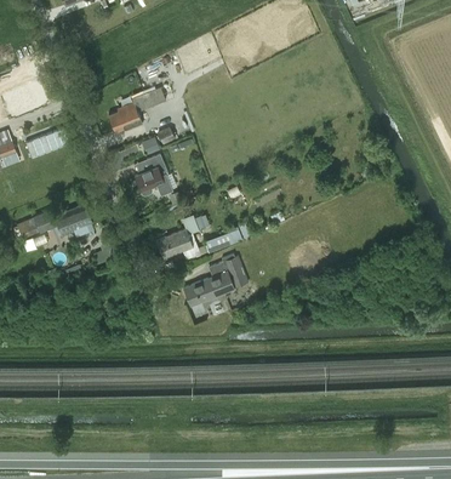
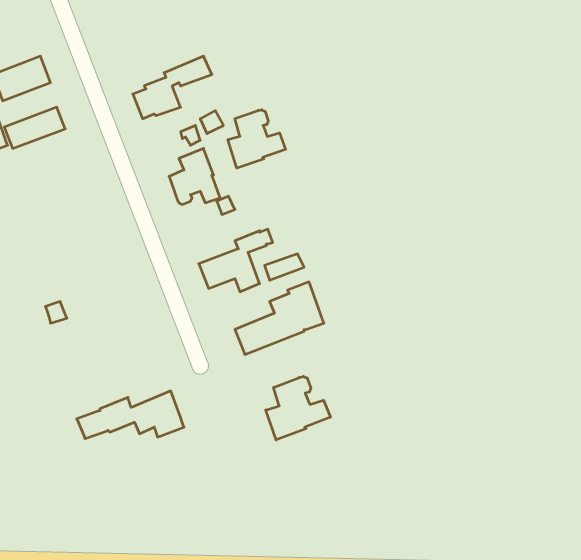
building: none -> [228,110,286,168]
building: [15,204,93,239] -> [77,391,184,439]
building: none -> [266,376,330,440]

